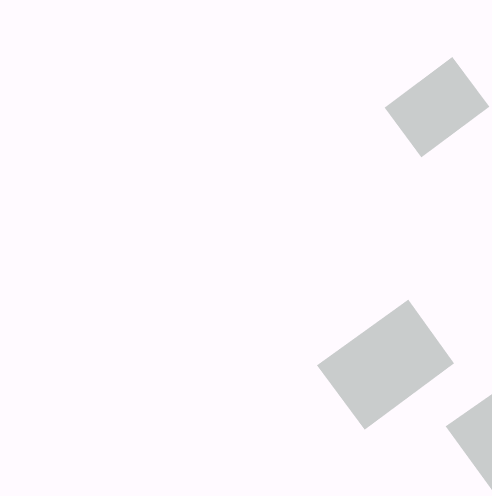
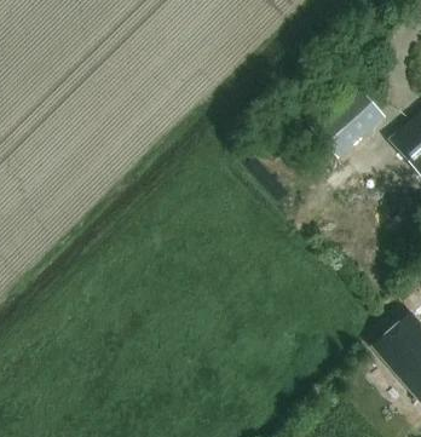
building: [316,298,455,431] -> none

